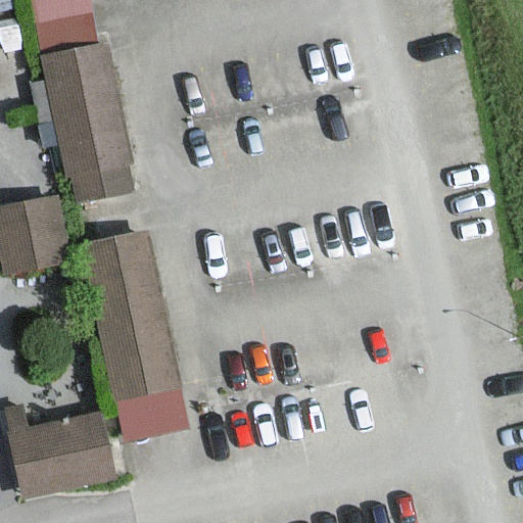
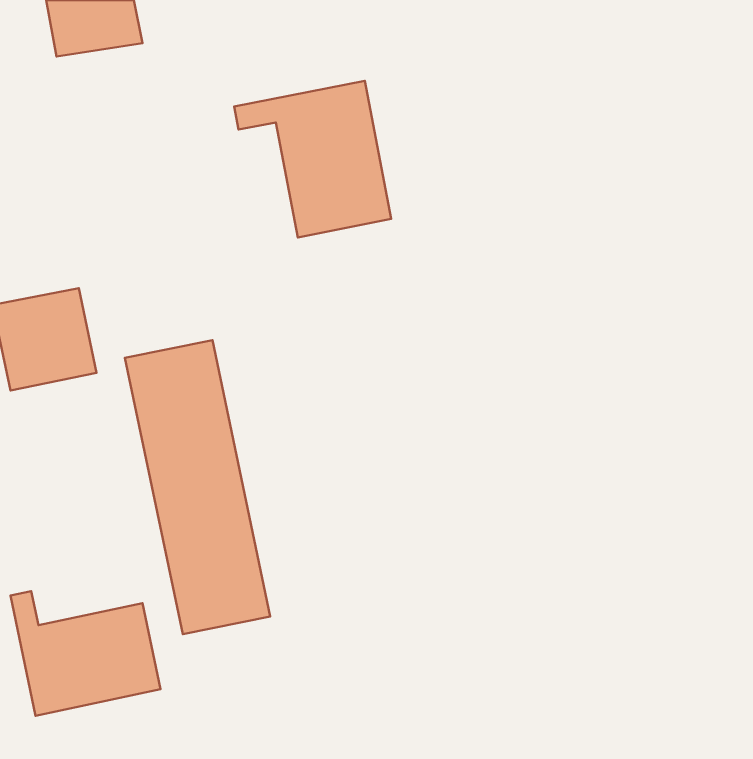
building: [48,46,132,197] -> none
building: none -> [234,81,391,237]

